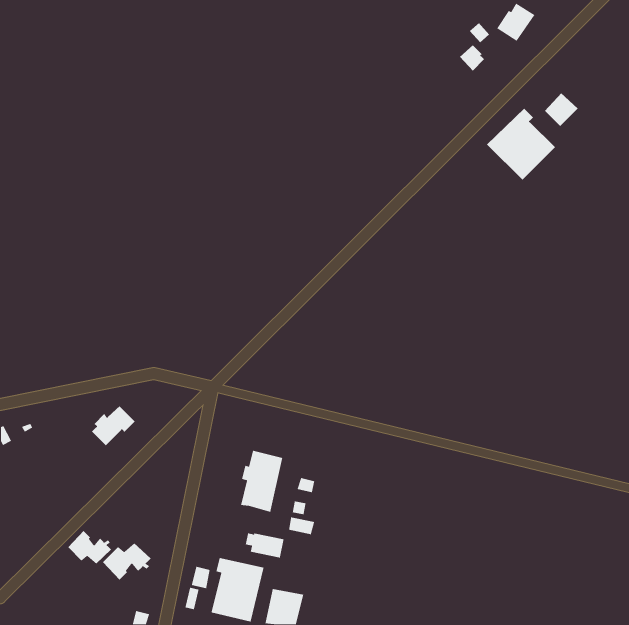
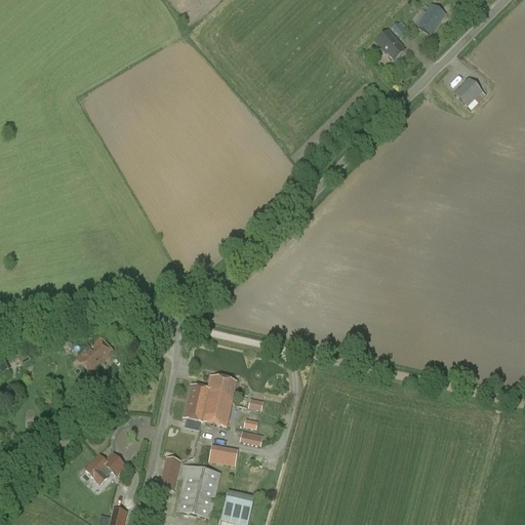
building: [486,108,556,181] -> none
building: none -> [185,383,205,420]
building: [67,530,112,564] -> none

